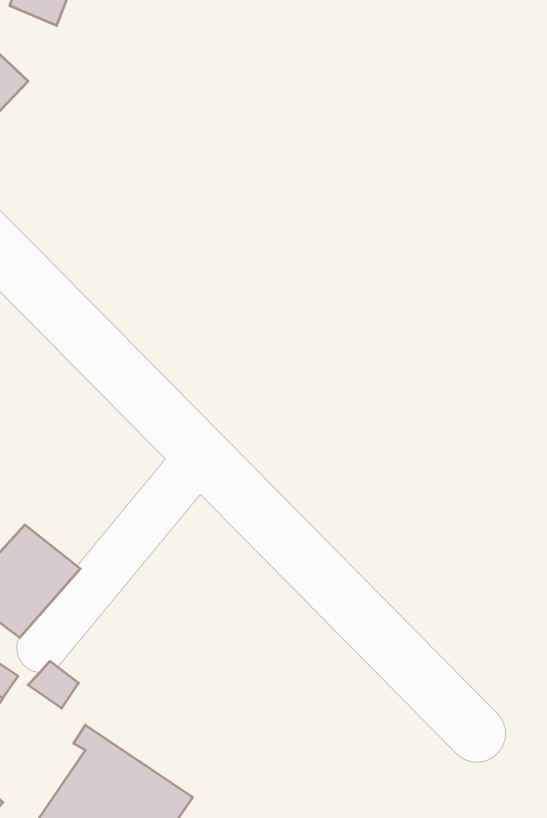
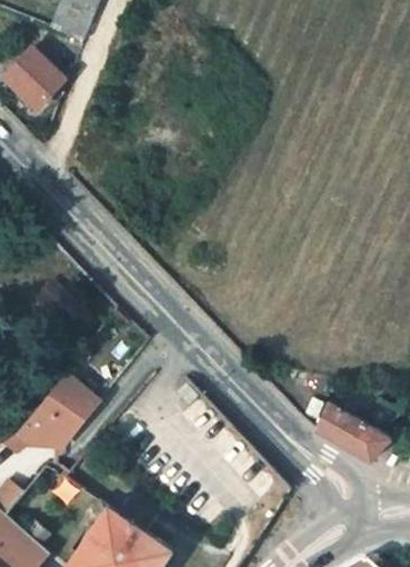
building: none -> [314,404,389,461]

